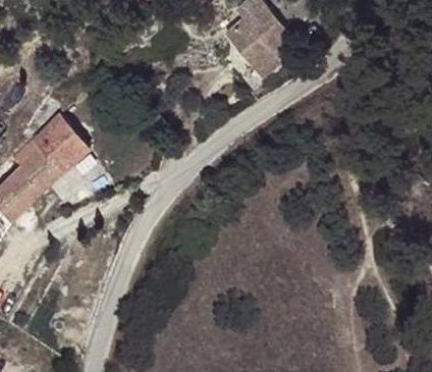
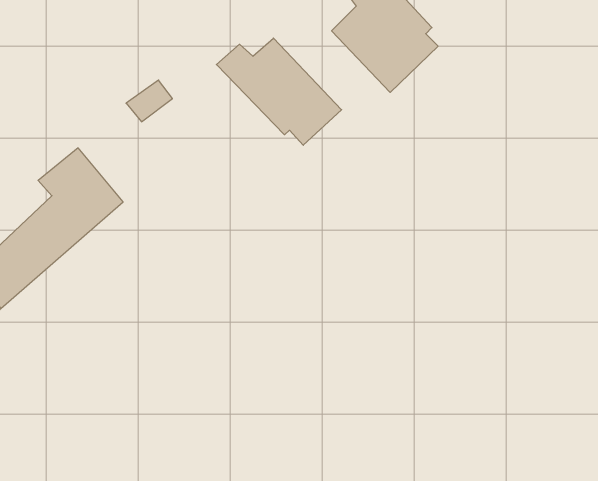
building: none -> [216,38,342,145]

